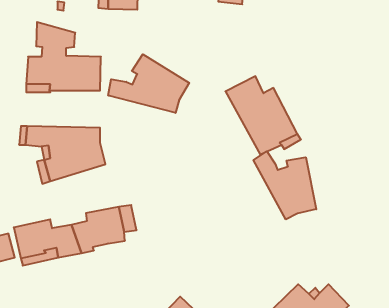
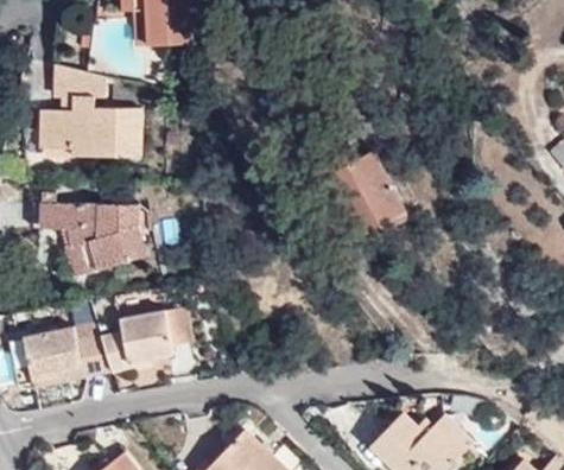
building: [108,54,189,113] -> none
building: [253,151,316,219] -> none

